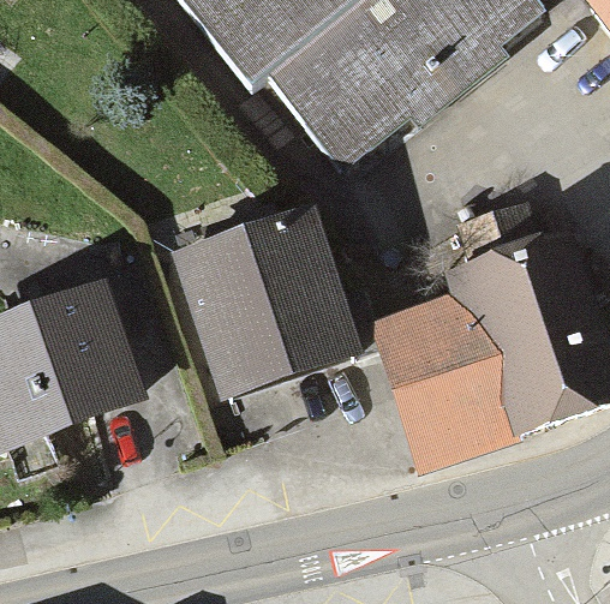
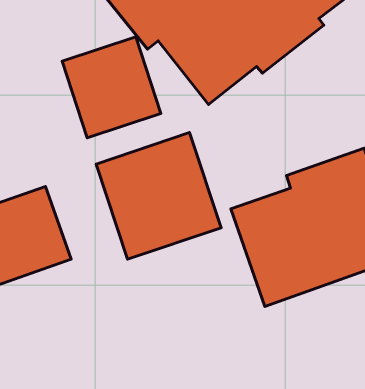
building: none -> [62,37,161,138]

